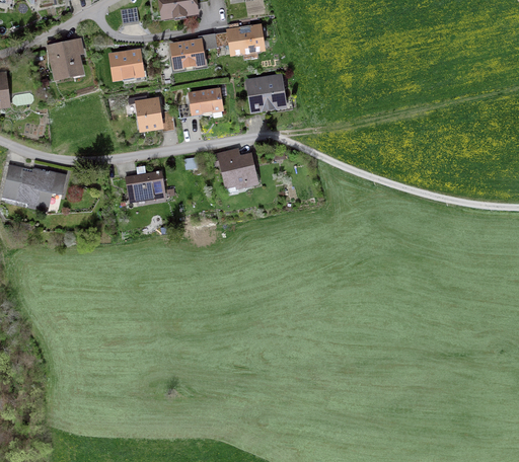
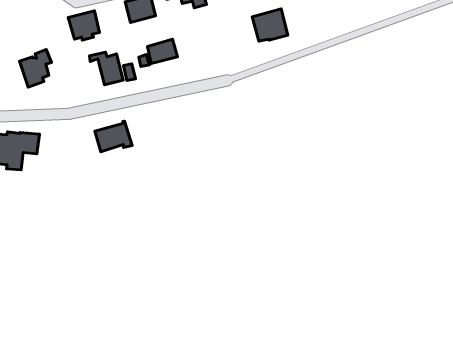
building: [50,37,83,75] -> [19,50,51,87]
building: [248,76,284,107] -> [252,9,288,41]
building: [213,150,257,191] -> none

